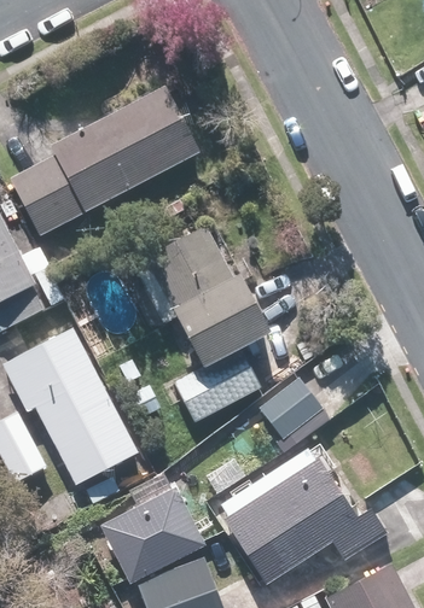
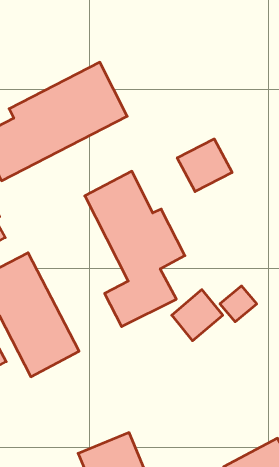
building: none -> [177,139,232,192]
building: [216,445,385,584] -> none
building: [100,486,204,583] -> none

